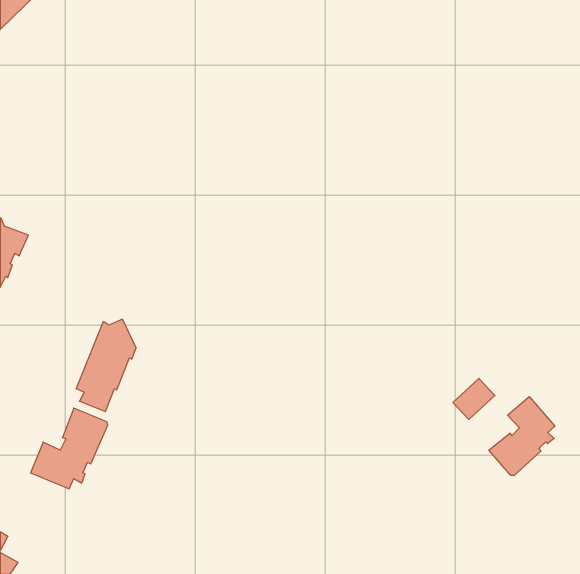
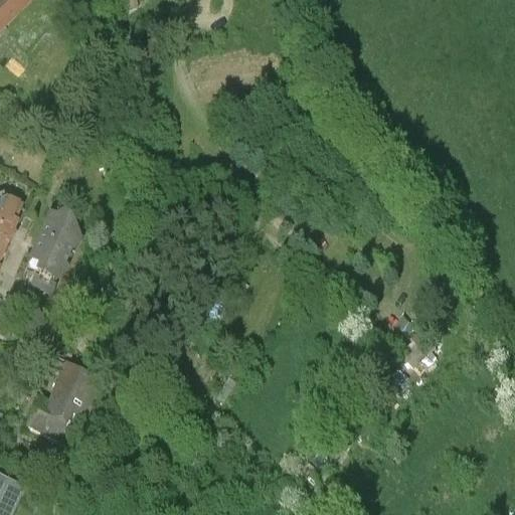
building: [76,319,136,411] -> [24,212,77,294]
building: [489,397,555,476] -> none

